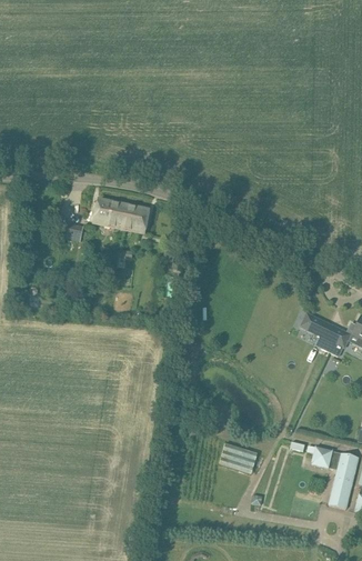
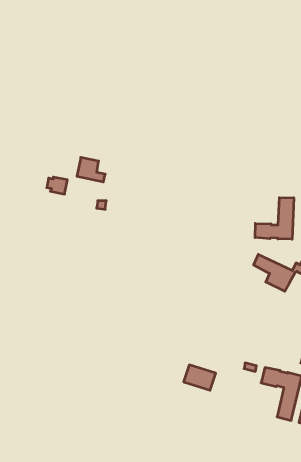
building: [117,203,148,232] -> none
building: none -> [255,198,294,239]

